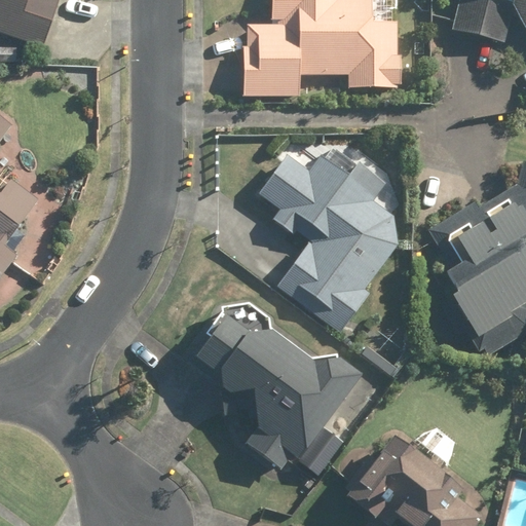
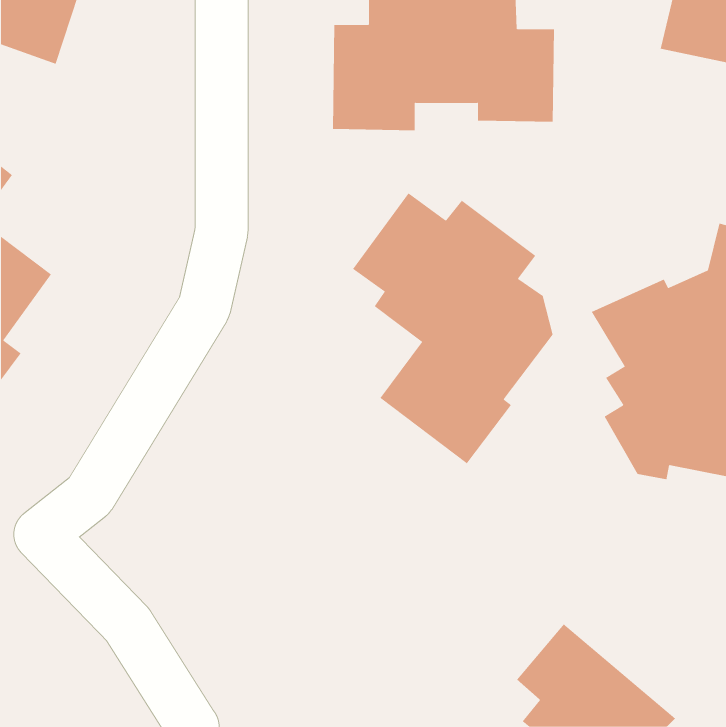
building: [187,314,356,471] -> none

